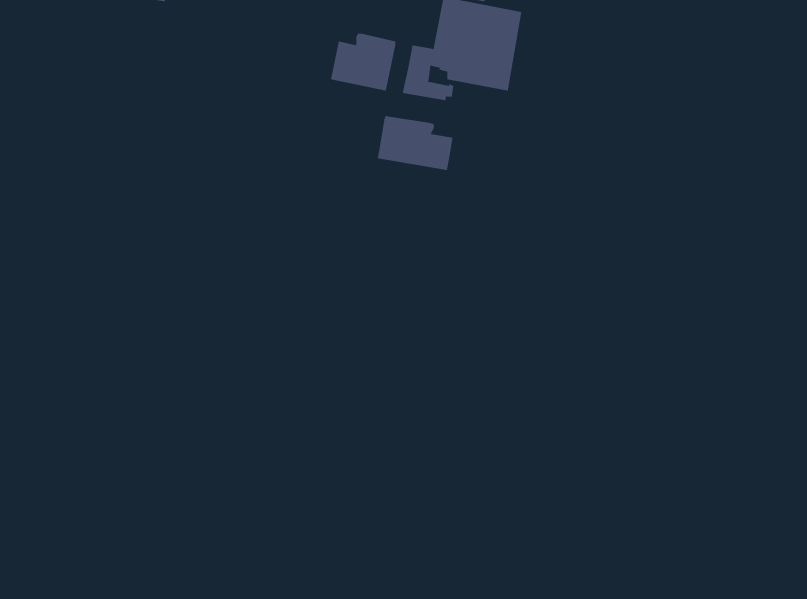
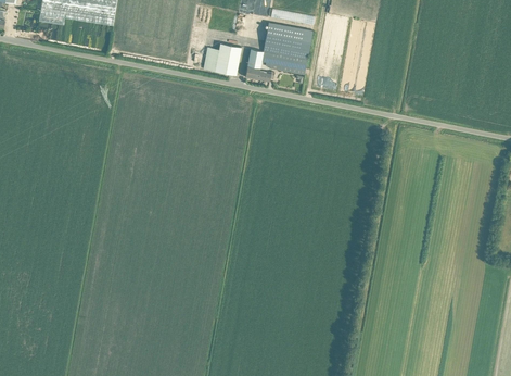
building: [377,115,453,171] -> none

